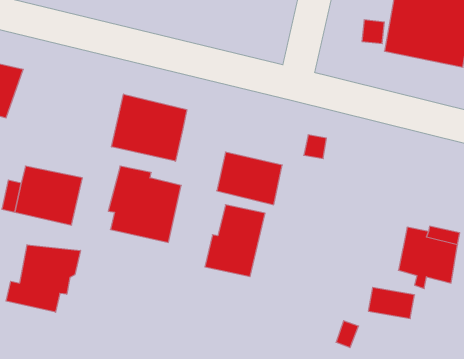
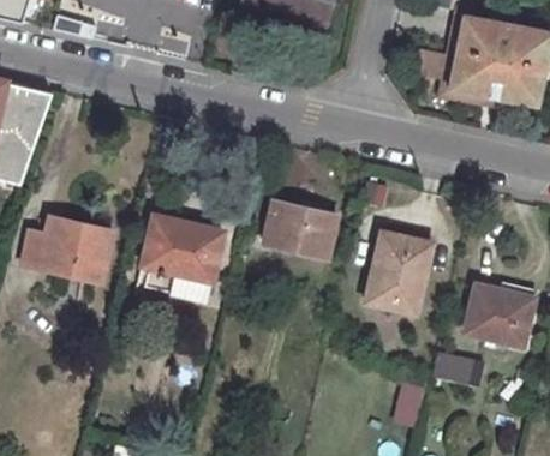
building: [112,94,187,161] -> none
building: [205,205,265,277] -> [365,233,432,313]
building: [6,245,80,312] -> none

